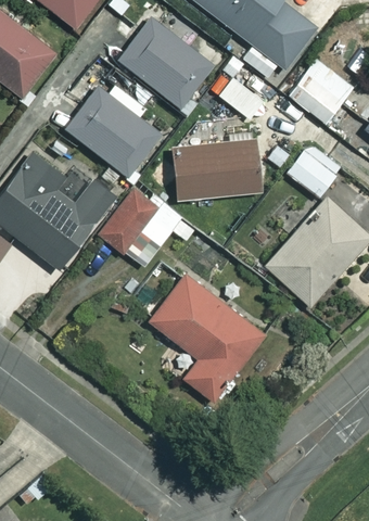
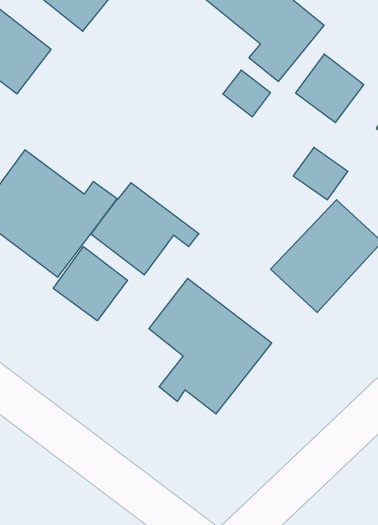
building: [118,17,214,109] -> none
building: [65,76,166,175] -> none
building: [173,143,258,199] -> none
building: none -> [53,247,128,321]

